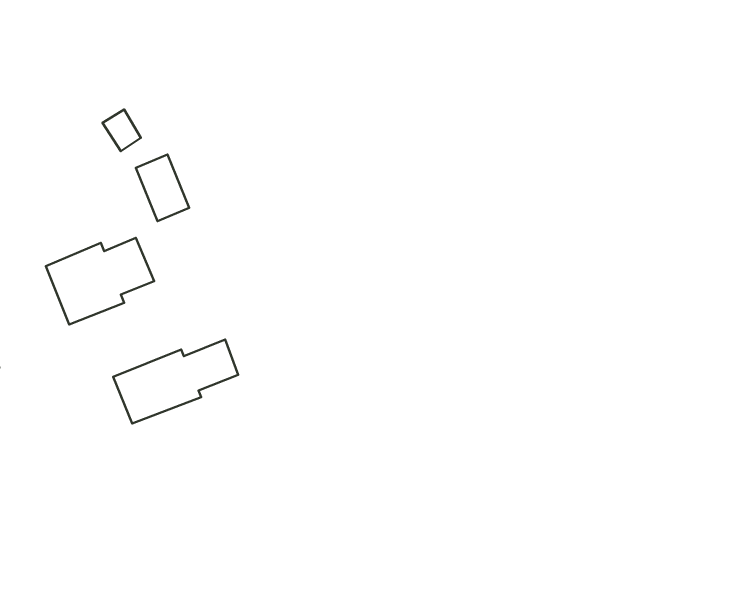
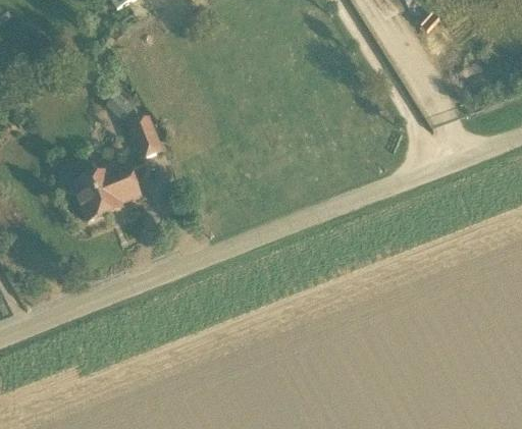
building: [113,340,238,424] -> none

